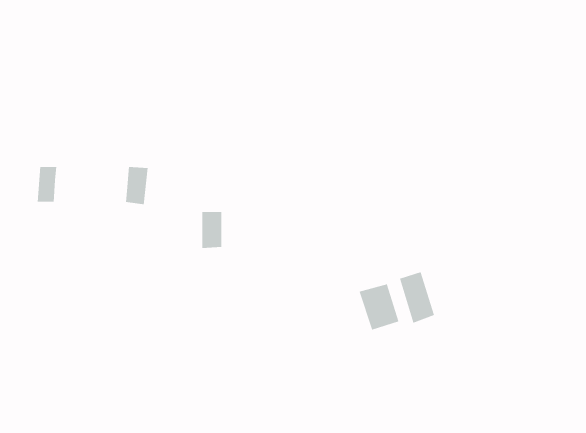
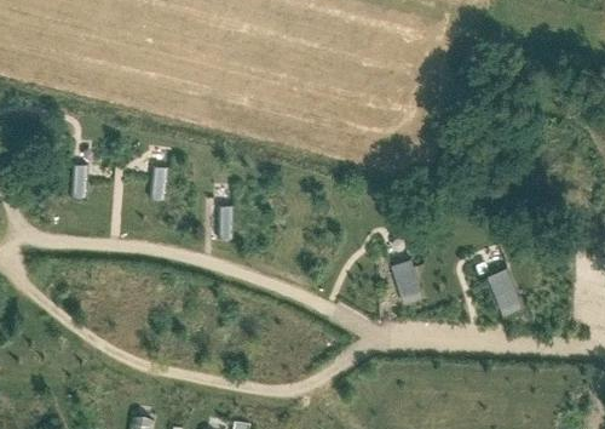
building: [359,284,399,330] -> none
building: none -> [486,270,520,315]

